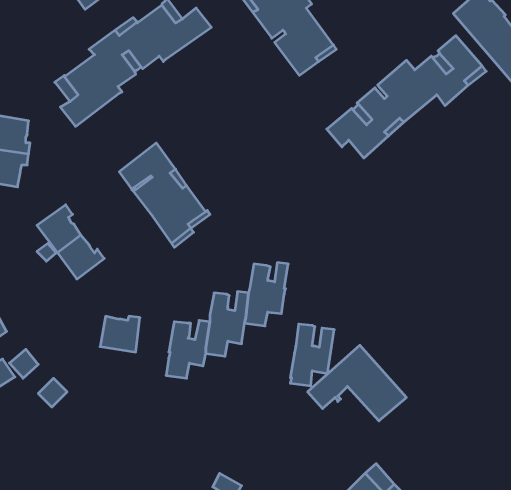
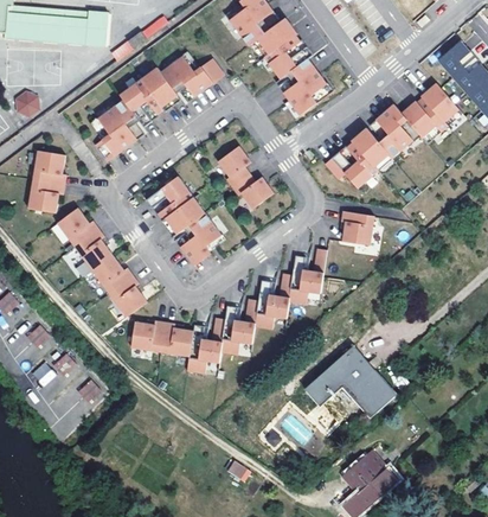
building: none -> [218,143,274,206]
building: none -> [58,205,99,244]
building: none -> [340,213,373,247]
building: none -> [109,273,147,314]
building: none -> [160,324,192,358]
building: [290,324,334,386] -> [288,253,326,306]

